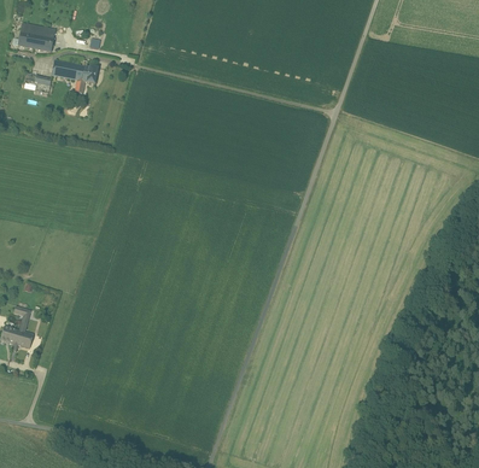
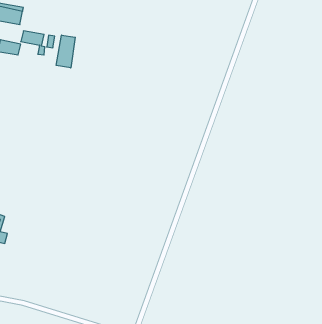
building: none -> [56,35,75,68]

